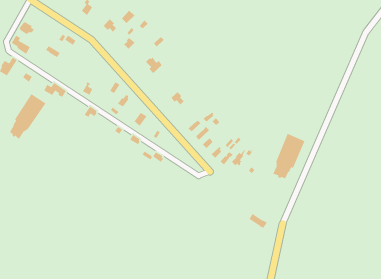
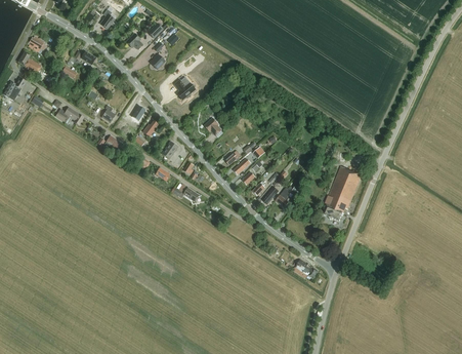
building: [9,93,46,140] -> none

